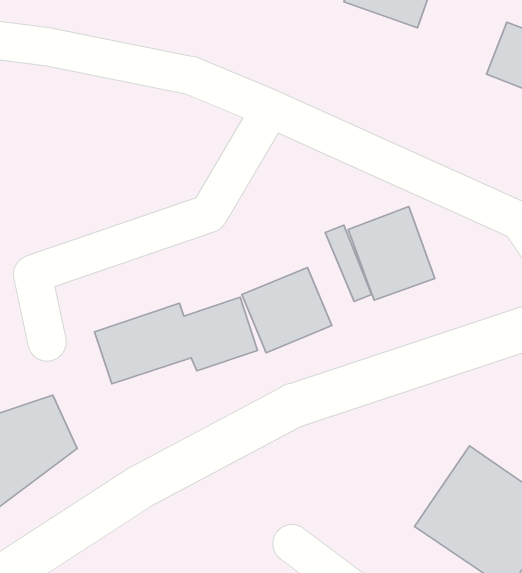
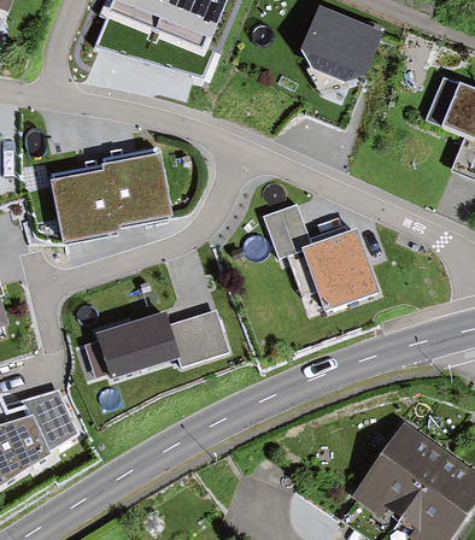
building: none -> [55,157,168,240]
building: none -> [263,198,311,248]
building: [242,267,332,353] -> none

